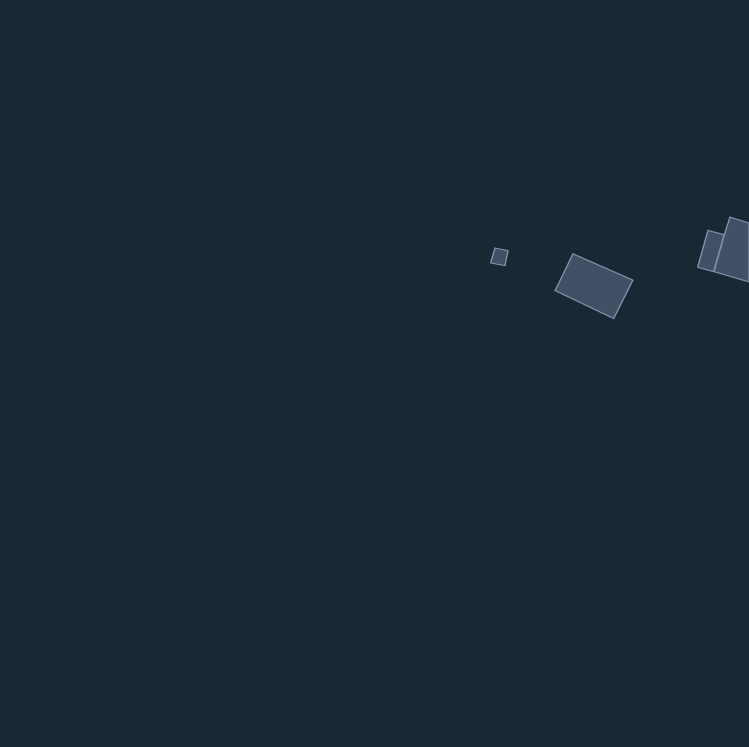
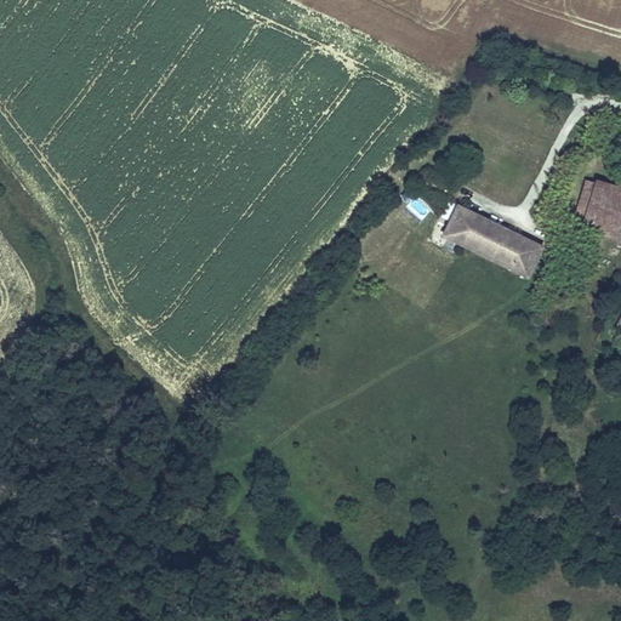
building: none -> [441,204,473,243]
building: none -> [507,234,556,277]

